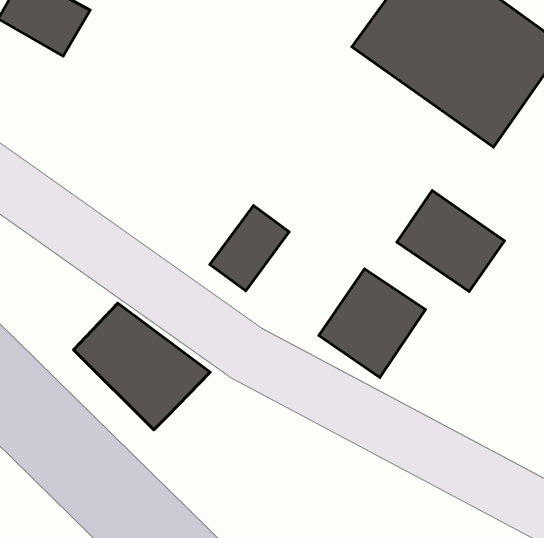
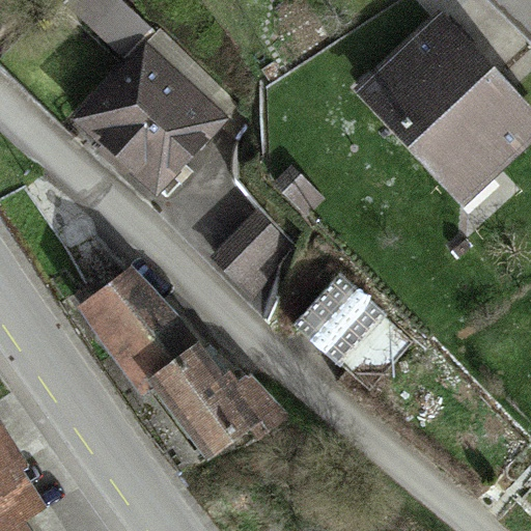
building: none -> [74,51,222,197]
building: [397,190,505,291] -> none
building: none -> [158,339,253,446]

